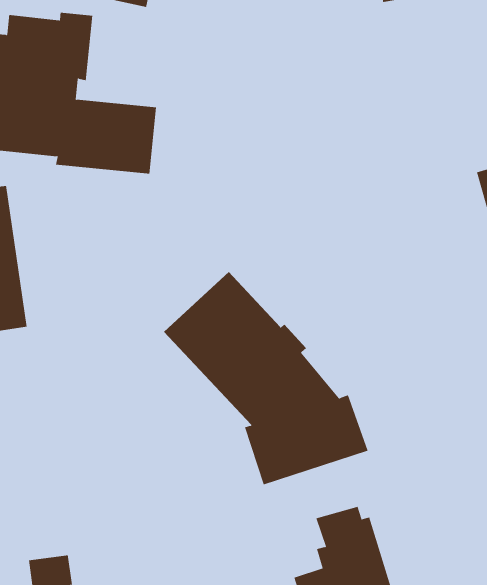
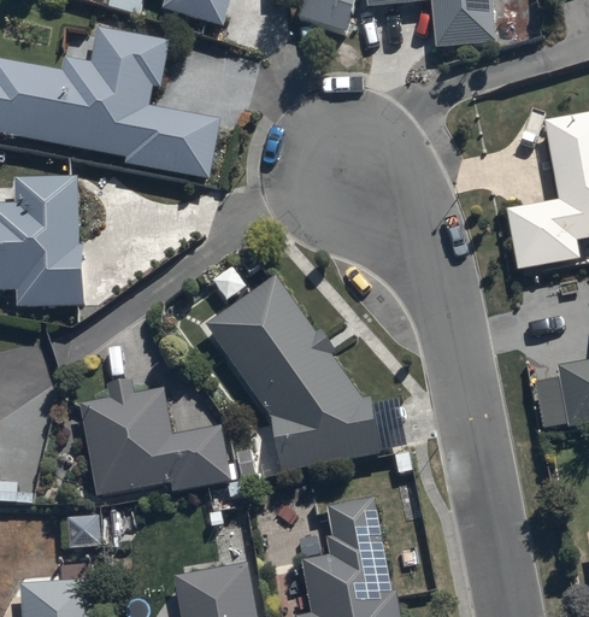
building: none -> [87,380,228,493]

